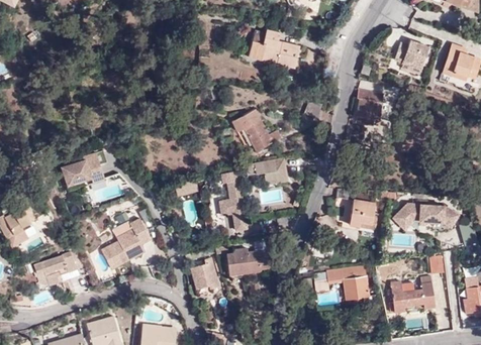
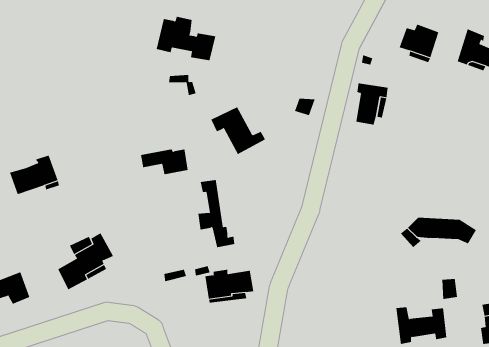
building: [247,29,298,68] -> [156,16,216,61]
building: [246,160,287,183] -> [140,149,189,175]
building: [338,190,376,227] -> none
building: [190,258,219,289] -> none
building: [314,266,369,300] -> none

